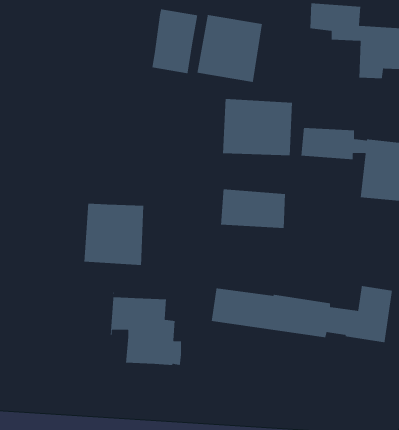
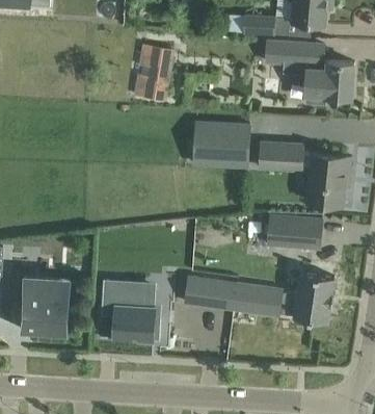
building: [196,14,263,83] -> none
building: [220,188,286,229] -> [268,215,322,249]
building: [84,203,144,266] -> [20,280,70,332]

